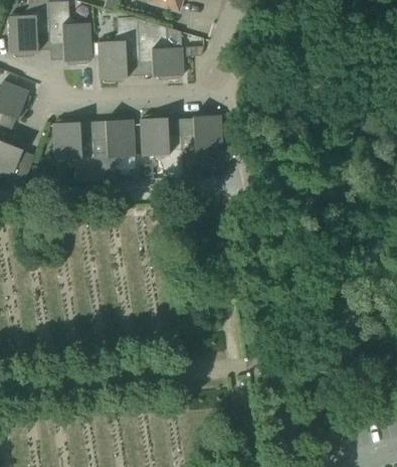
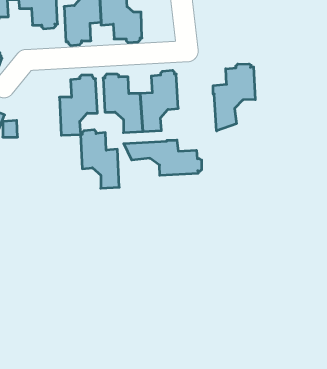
building: none -> [213,64,255,131]
building: [52,118,94,181] -> [80,130,119,188]
building: none -> [124,140,202,175]

